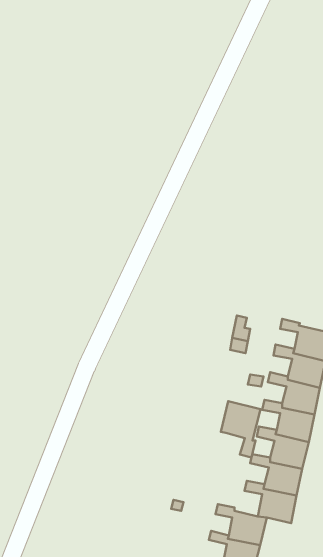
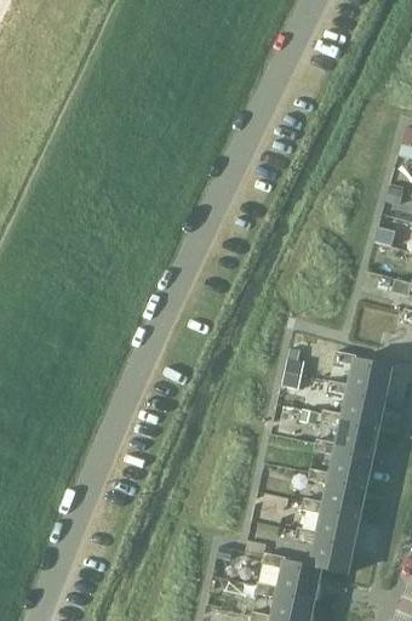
building: [221,401,260,458] -> none

